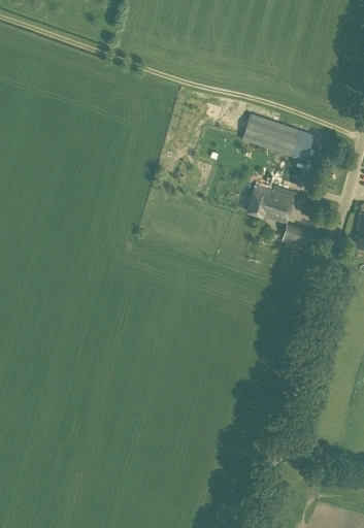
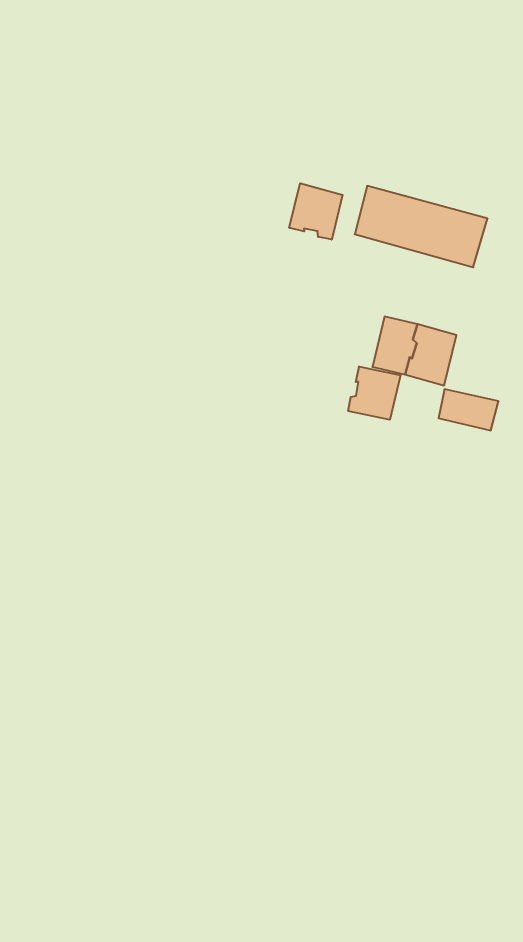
building: none -> [289,183,343,240]
building: none -> [348,366,401,420]

